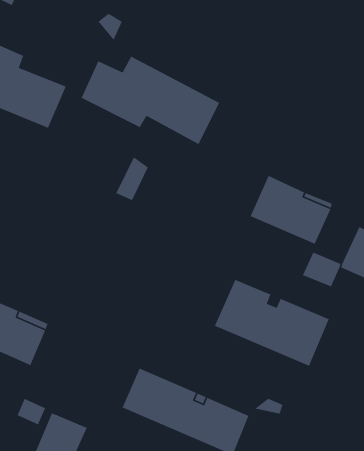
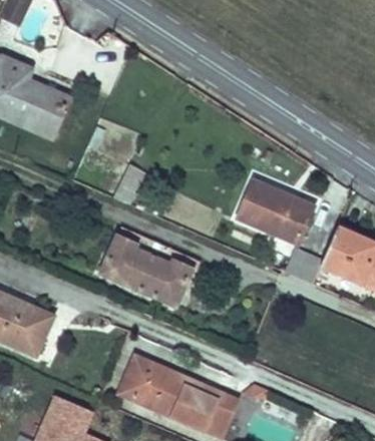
building: [80,56,220,145] -> none
building: none -> [100,226,196,305]
building: [214,279,330,367] -> none

